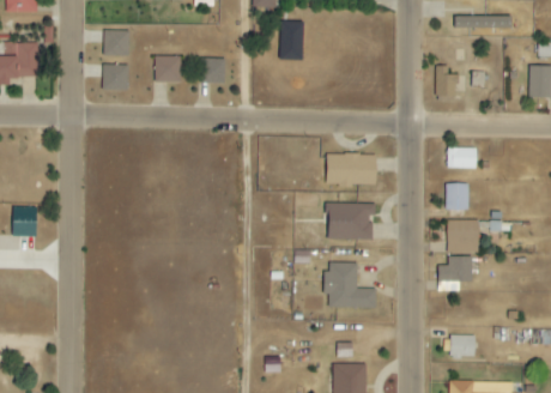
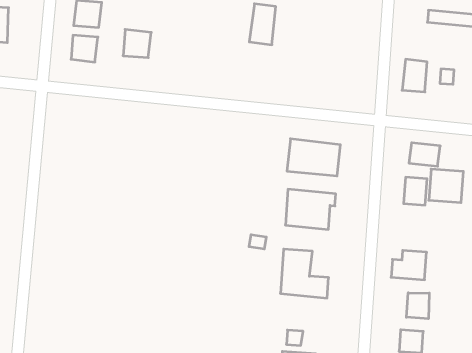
building: [201,58,225,83] -> none
building: [446,219,478,250] -> [429,169,463,203]
building: none -> [406,293,429,319]

